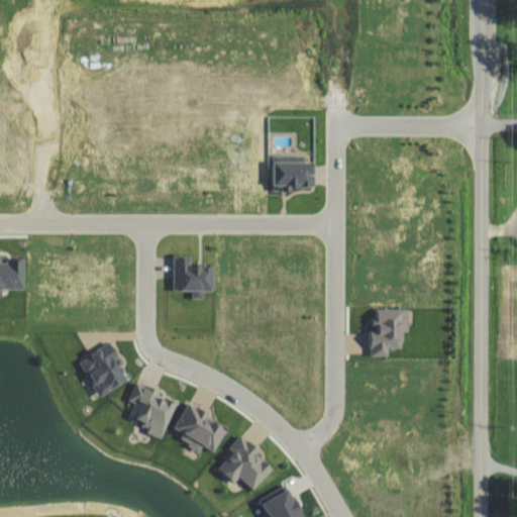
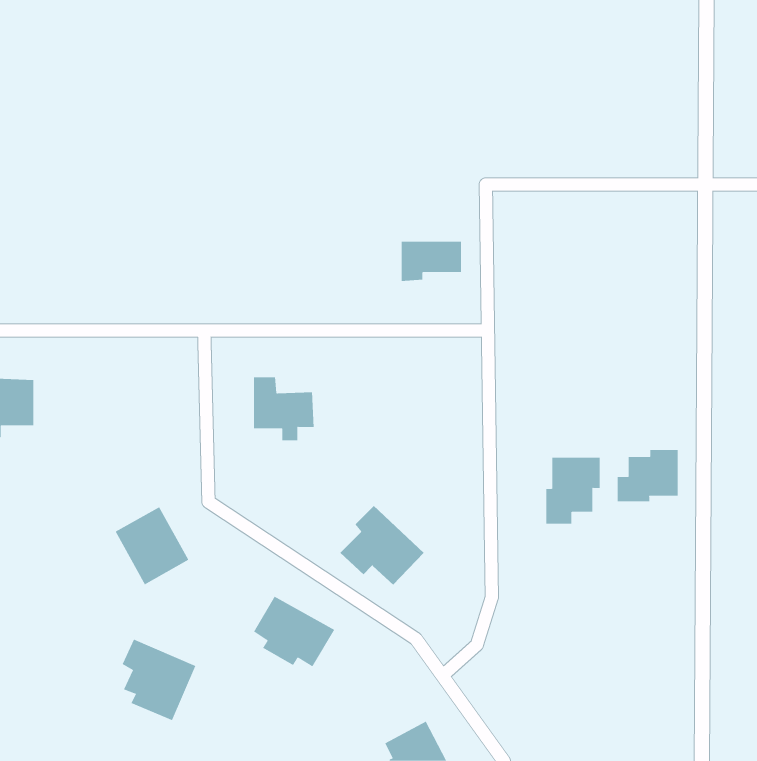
building: none -> [617,449,678,502]
building: [126,383,177,438] -> [122,639,196,721]
building: [216,435,274,490] -> [339,505,424,586]

